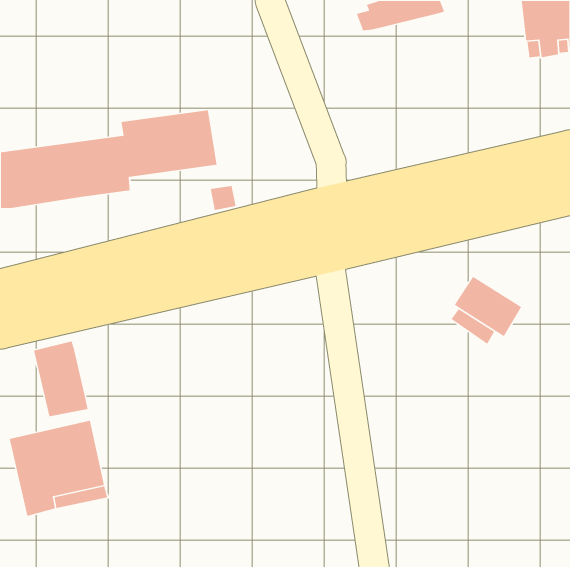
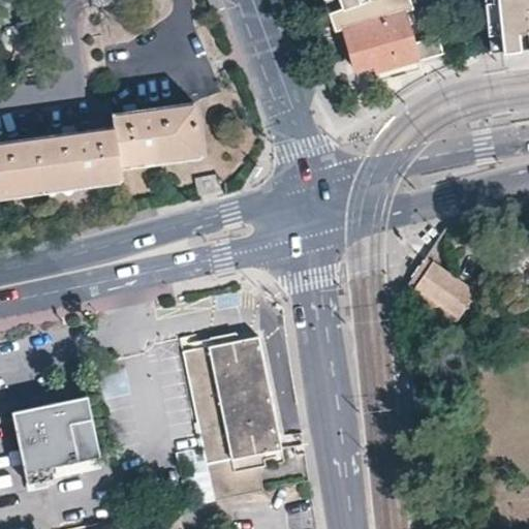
building: none -> [345,17,416,73]
building: [33,341,89,417] -> none
building: none -> [187,337,282,505]

